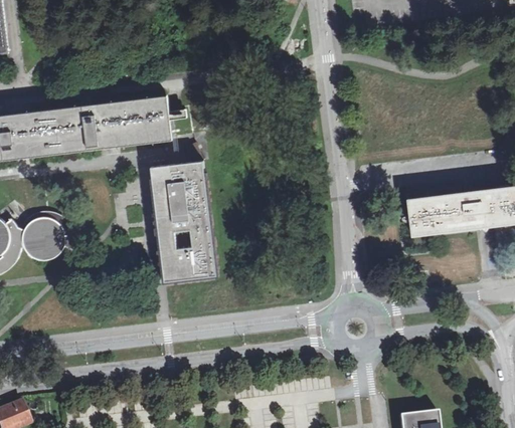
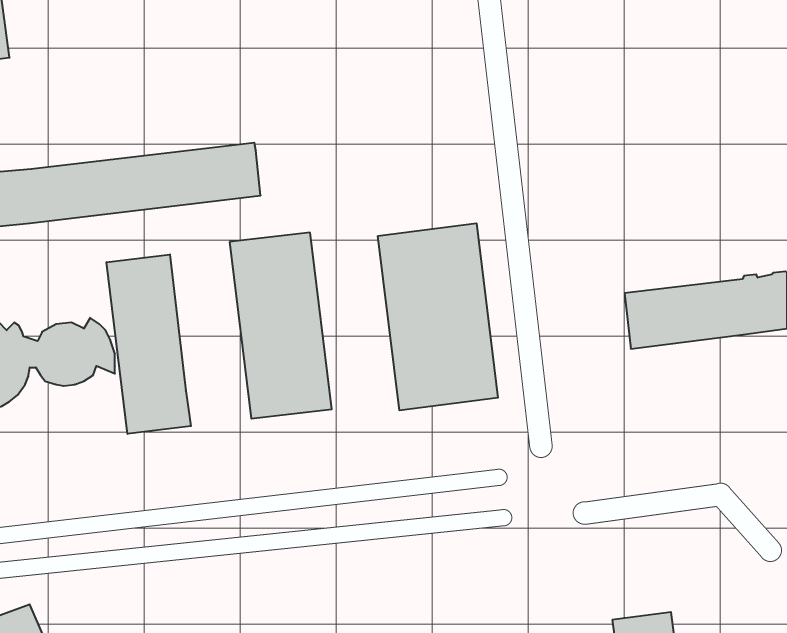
building: none -> [378,223,498,410]
building: none -> [107,254,191,434]

